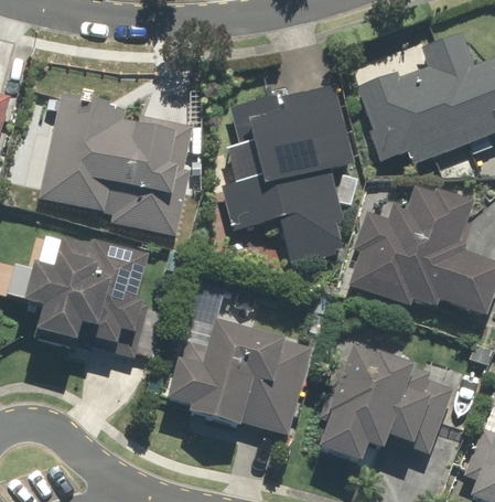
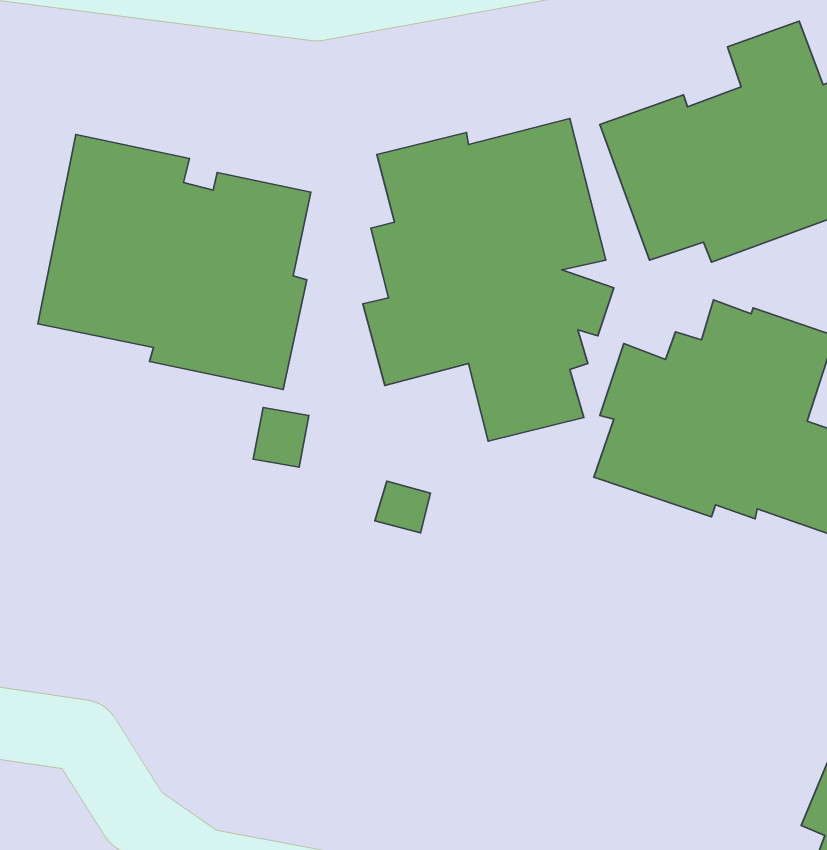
building: [26,233,147,342] -> none
building: [166,319,312,434] -> none
building: [316,346,455,461] -> none

